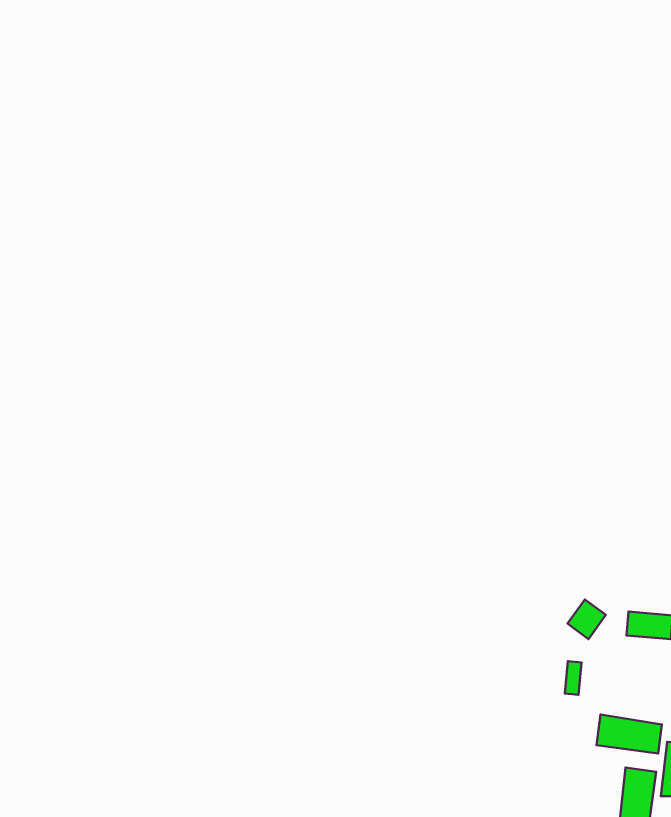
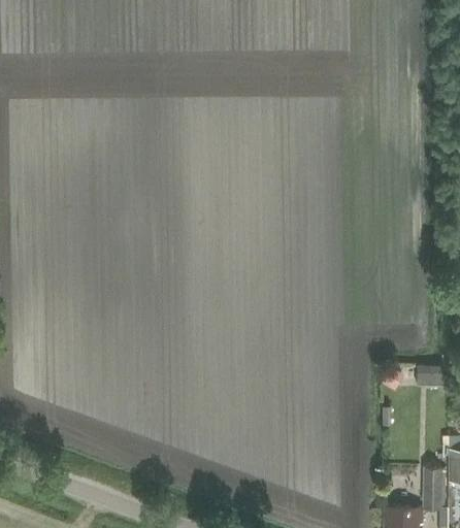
building: [597,714,662,754] -> none

